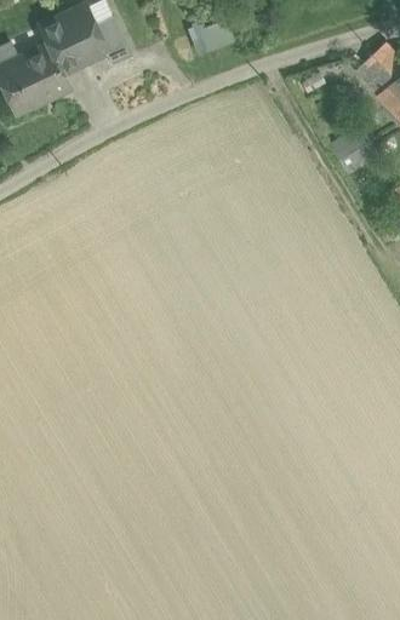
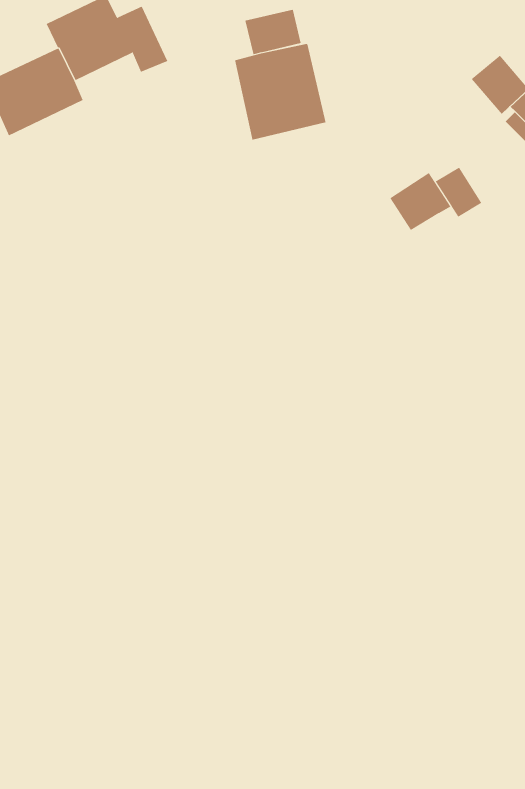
building: none -> [235,43,326,141]
building: none -> [389,172,451,231]

